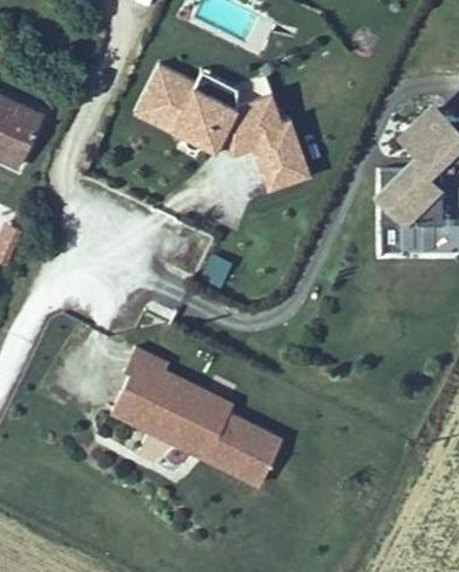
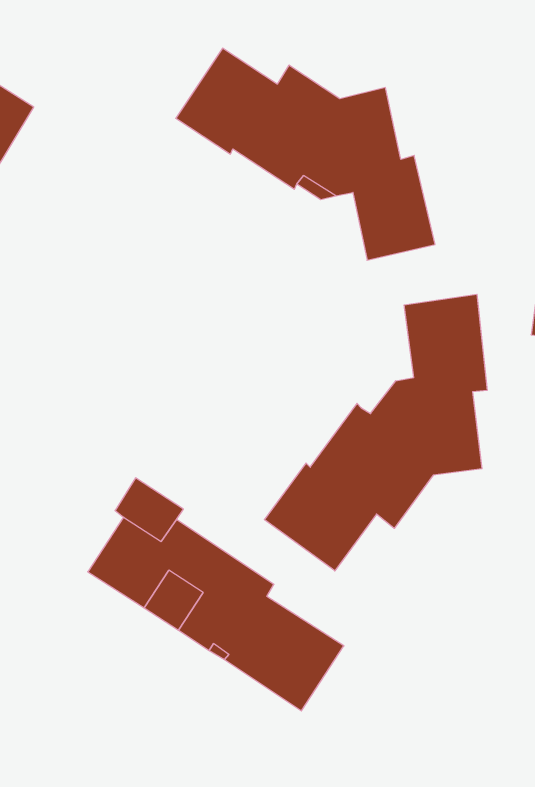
building: none -> [264,294,487,571]

